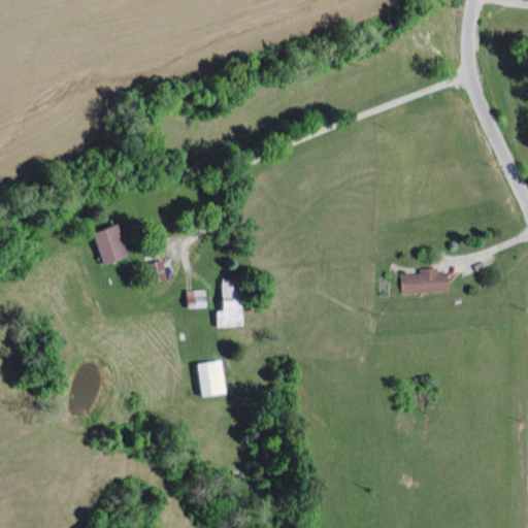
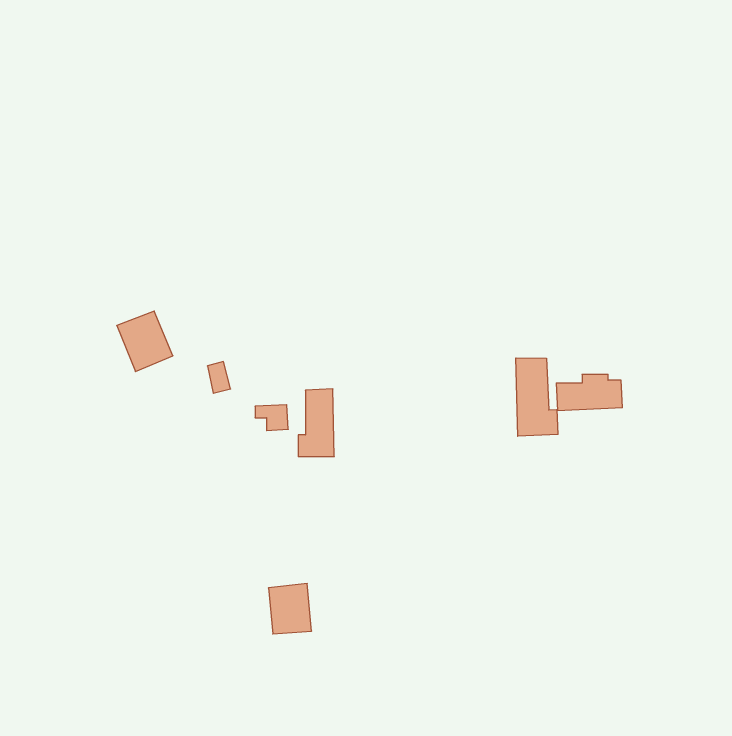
building: none -> [516,358,558,436]
building: [195,360,226,396] -> [268,584,312,634]

